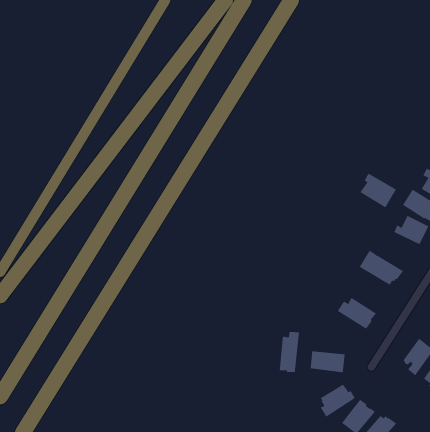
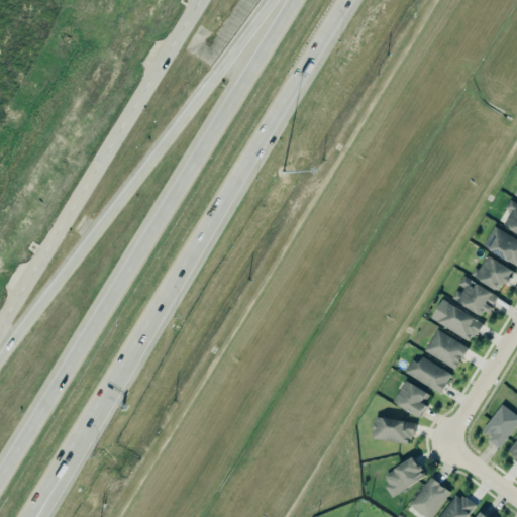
building: [360,173,397,208] -> [455,277,500,319]
building: none -> [426,330,470,371]
building: none -> [394,381,431,418]
building: [279,331,299,373] -> none

